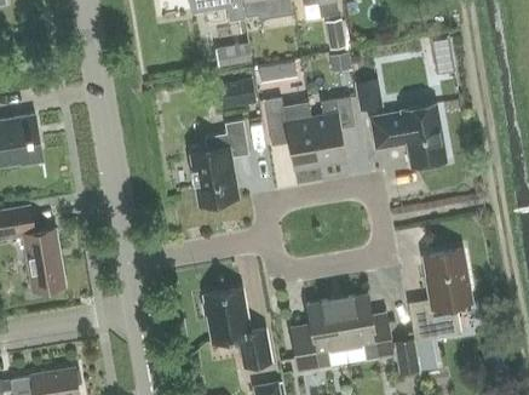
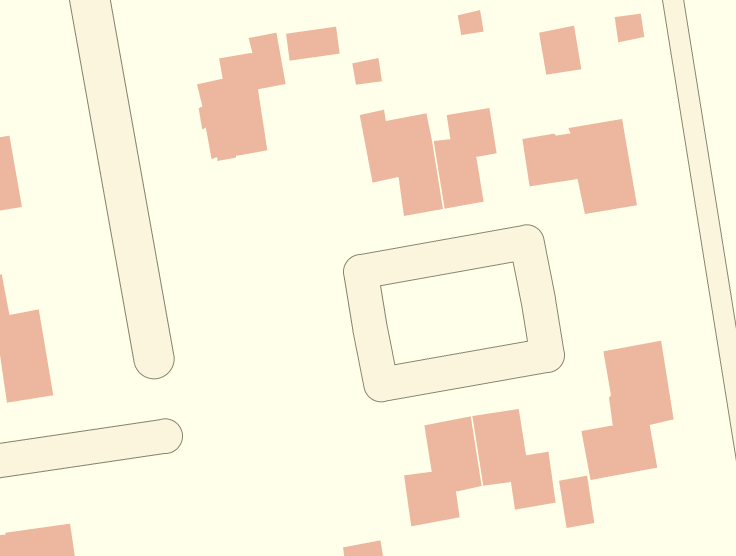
building: [355,78,384,110] -> [538,25,582,75]
building: [190,120,249,205] -> [196,32,287,162]
building: [202,288,271,367] -> none

